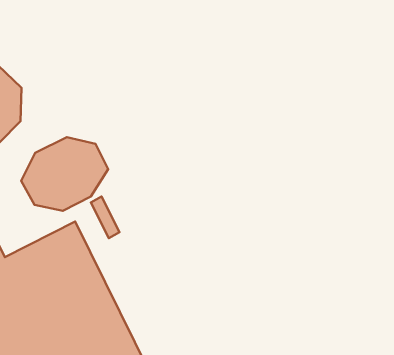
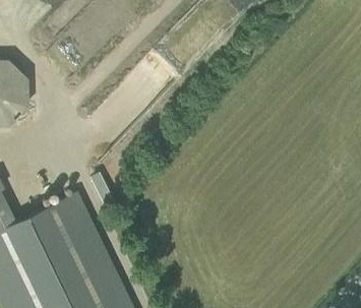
building: [21,137,108,211] -> none

